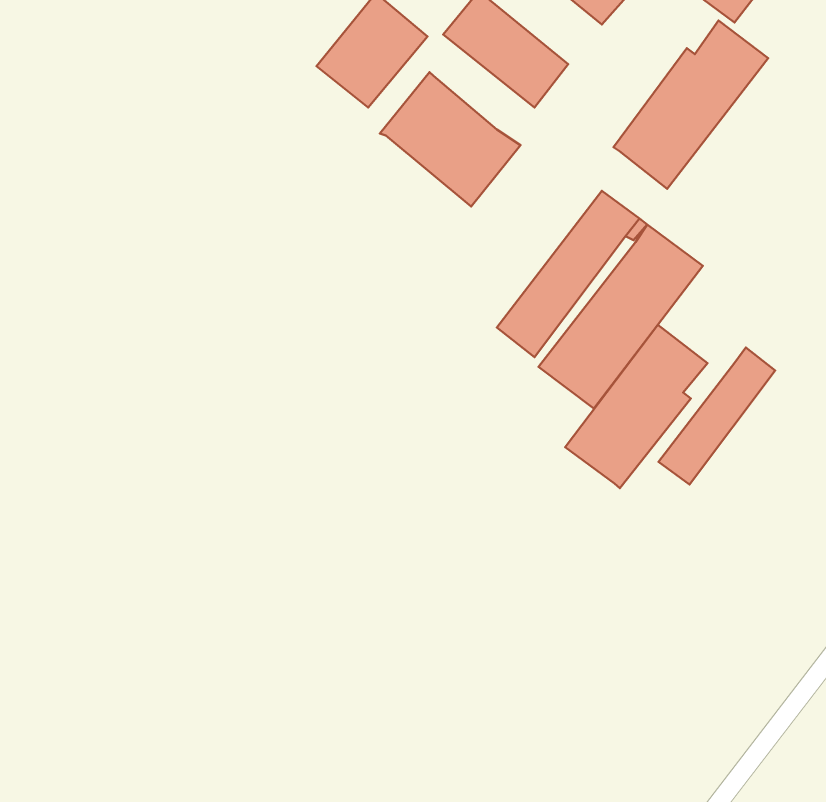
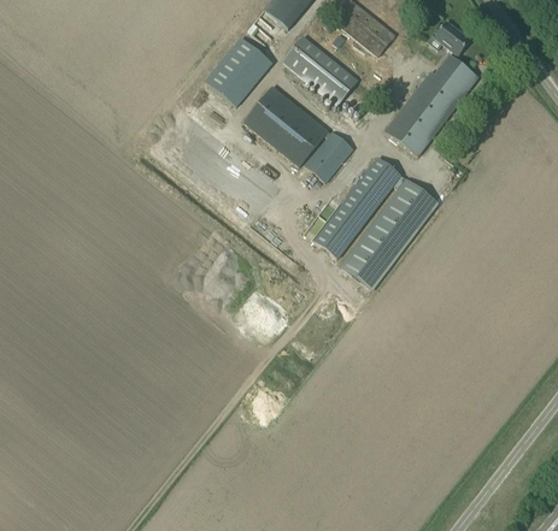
building: none -> [304,130,353,182]
building: [565,325,707,488] -> none
building: [658,347,775,485] -> none

